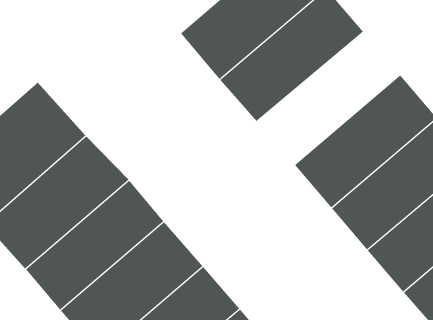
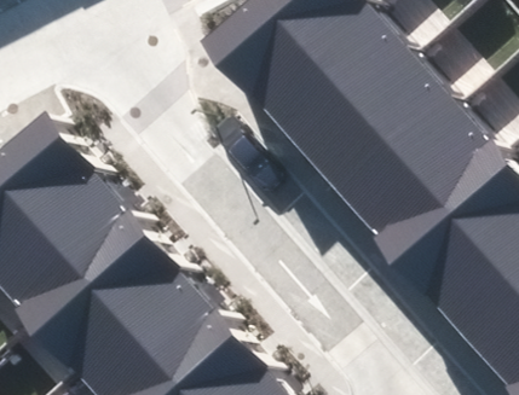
building: none -> [299,51,465,204]

